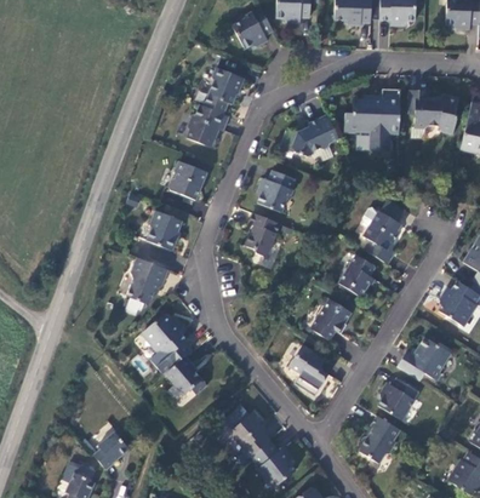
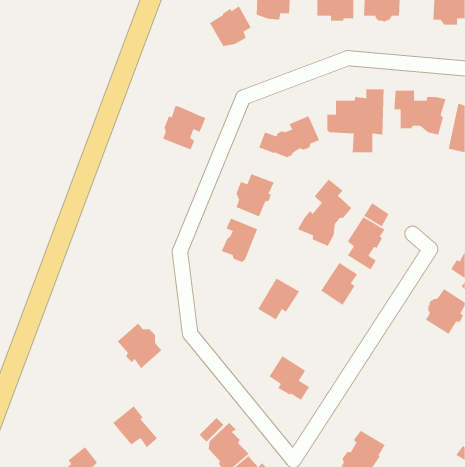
building: [204,67,244,114] -> none
building: [168,160,206,200] -> none
building: none -> [297,178,352,247]
building: [147,210,182,250] -> none
building: [122,257,167,314] -> none
building: [310,298,352,339] -> [257,277,300,320]
building: [396,337,452,380] -> none
building: [165,355,208,396] -> [112,405,158,448]
building: [378,377,417,418] -> none

